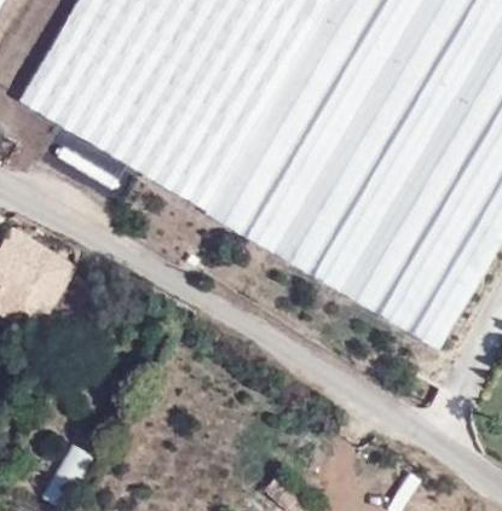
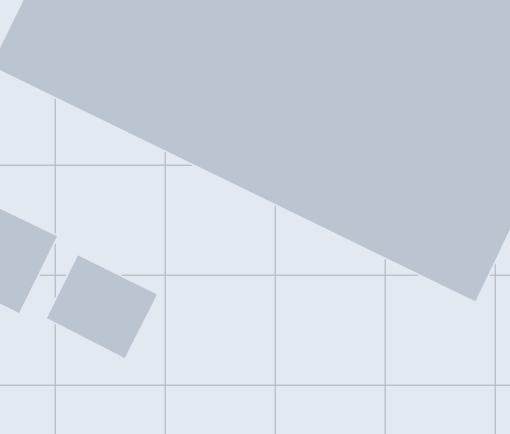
building: none -> [46,254,158,359]

